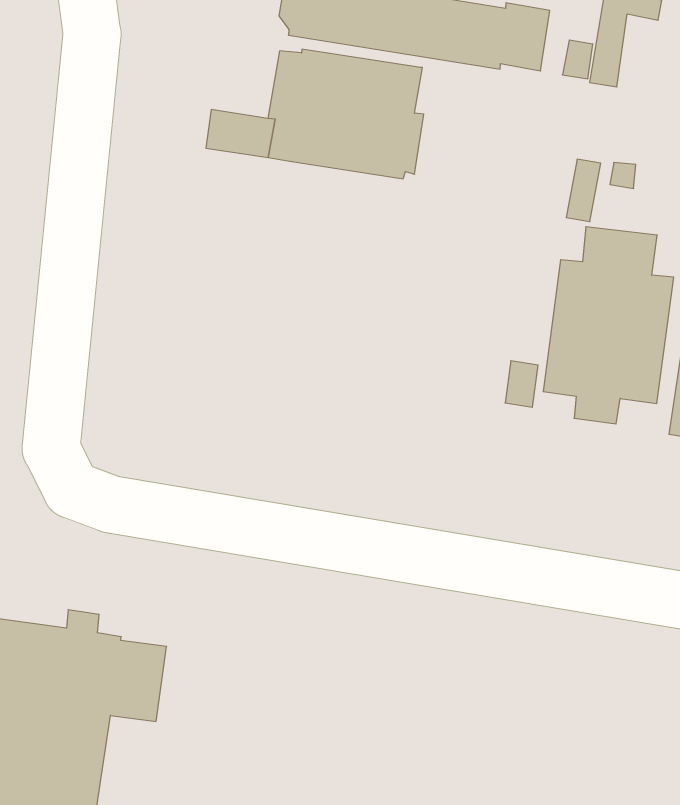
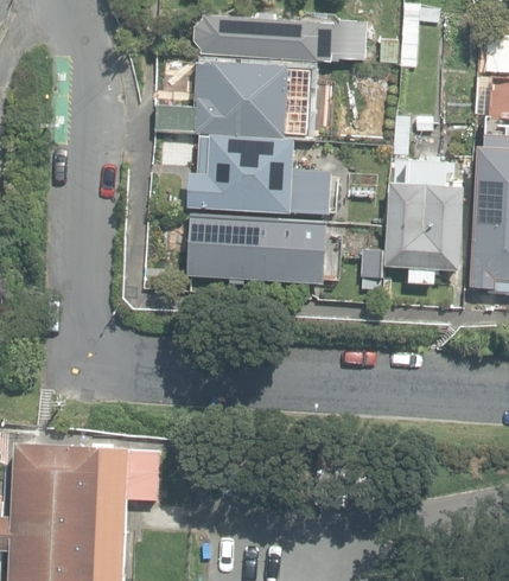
building: none -> [186,134,331,215]
building: none -> [186,215,326,285]

